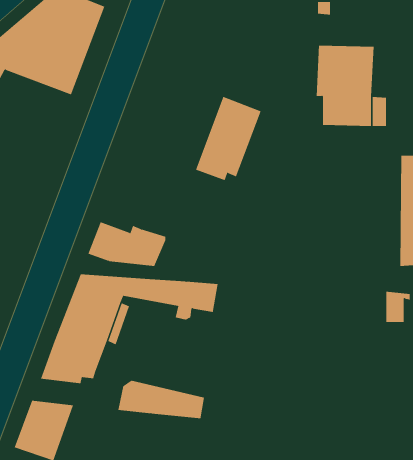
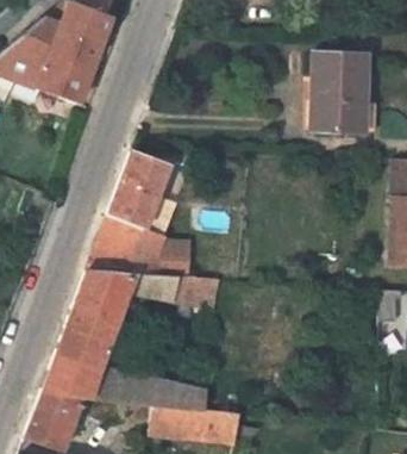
building: [195,96,261,181] -> [106,153,169,234]
building: none -> [154,241,190,280]
building: none -> [40,366,136,403]
building: none -> [152,406,237,443]

